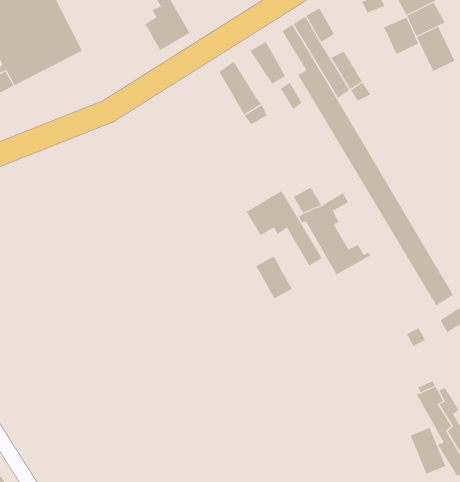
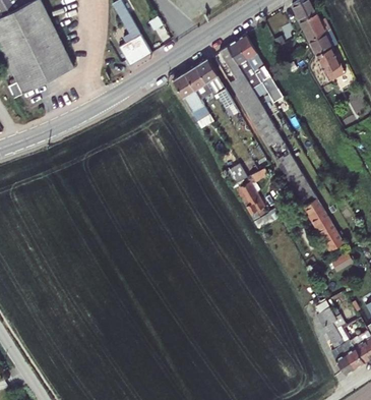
building: [383,17,419,55] -> none
building: none -> [183,65,211,99]
building: [246,190,322,266] -> none
building: [256,256,293,299] -> none
building: [410,427,446,474] -> none

